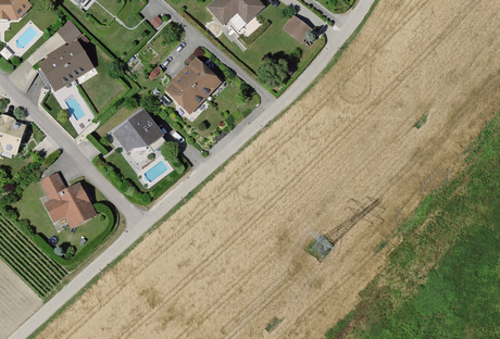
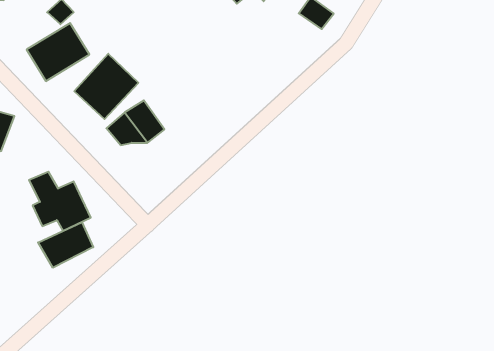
building: [165,53,223,112] -> [74,54,138,119]
building: none -> [38,222,93,268]

